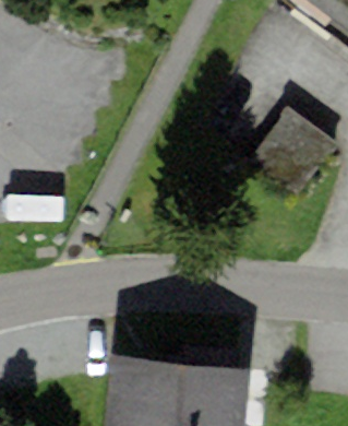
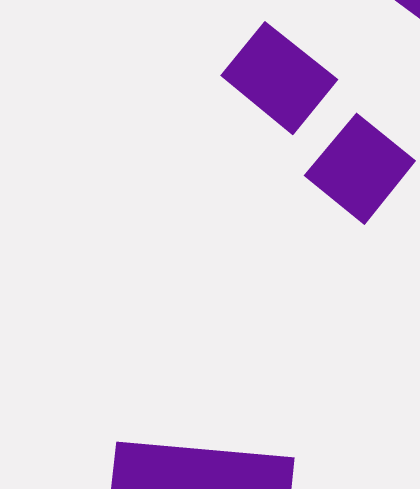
building: none -> [219,20,339,136]

